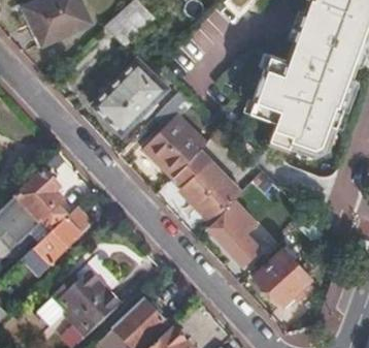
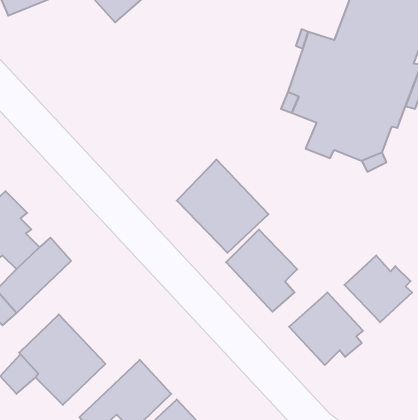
building: [94,60,165,131] -> none
building: [144,90,207,177] -> none
building: none -> [344,255,412,322]

